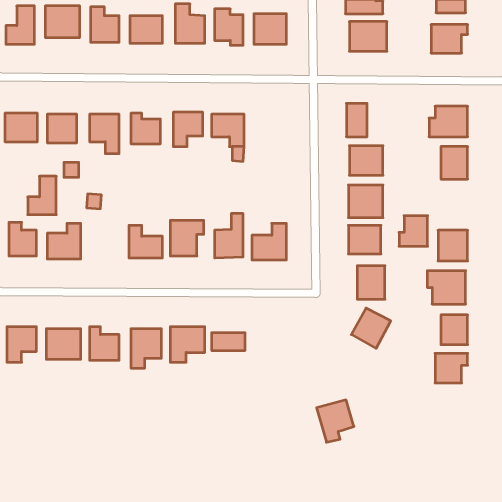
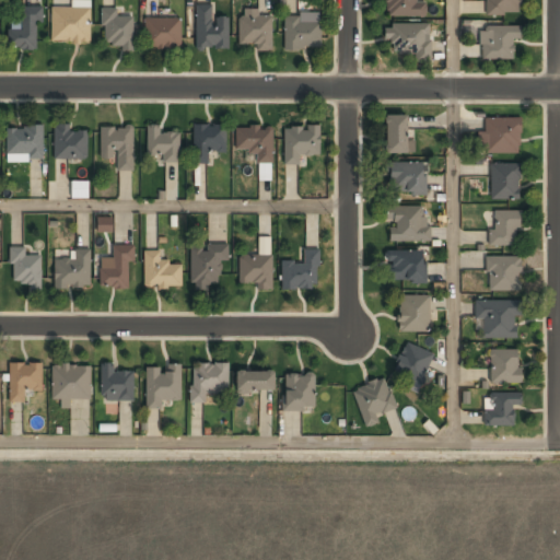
building: none -> [283,126,320,164]
building: [28,176,56,215] -> [100,245,131,288]
building: [399,216,428,246] -> [489,211,521,245]
building: none -> [285,374,314,409]
building: [317,400,354,442] -> [353,380,395,427]

